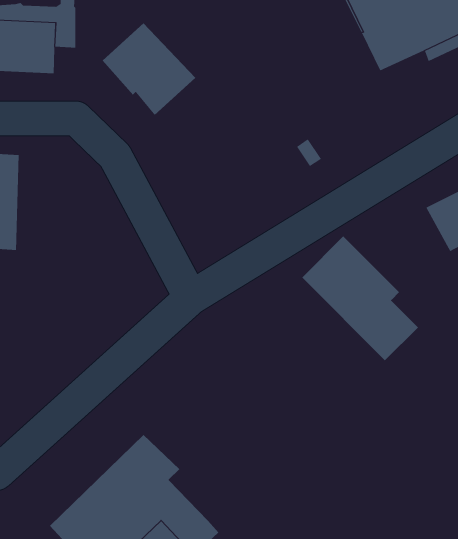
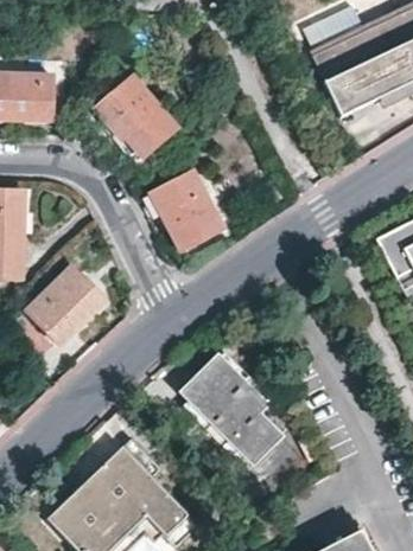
building: none -> [148,171,222,252]
building: [301,236,419,361] -> [180,352,284,462]
building: none -> [28,270,103,346]

